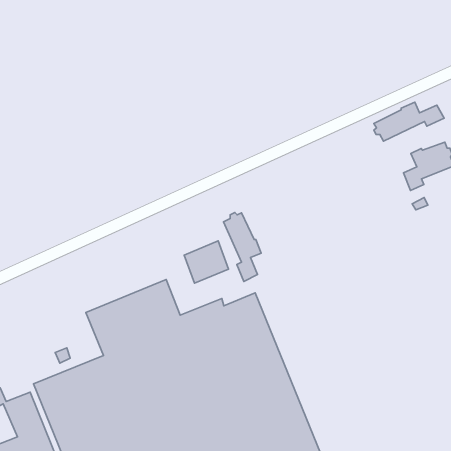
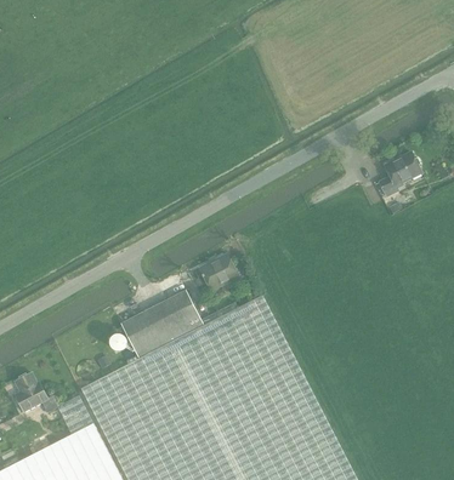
building: [374,102,444,141] -> none
building: [223,212,261,281] -> none

